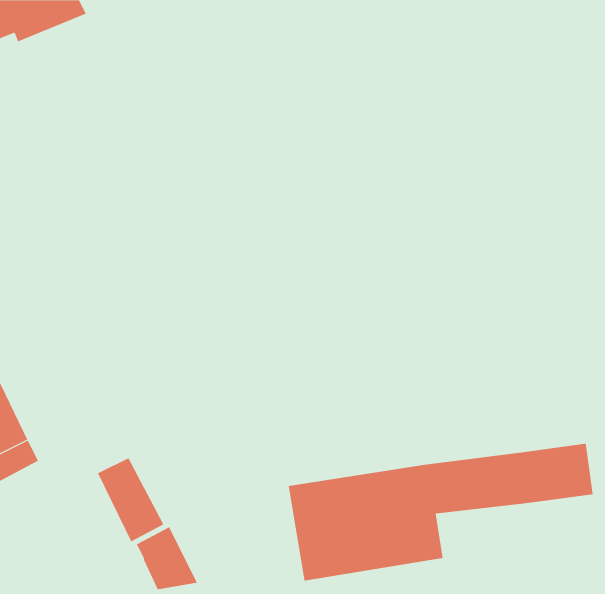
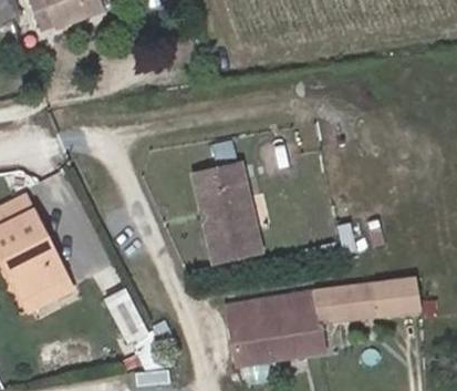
building: none -> [200,167,261,264]

